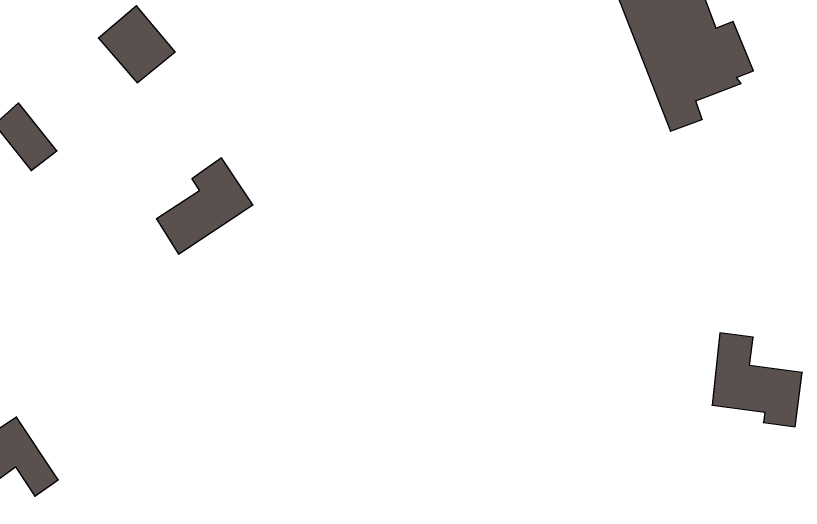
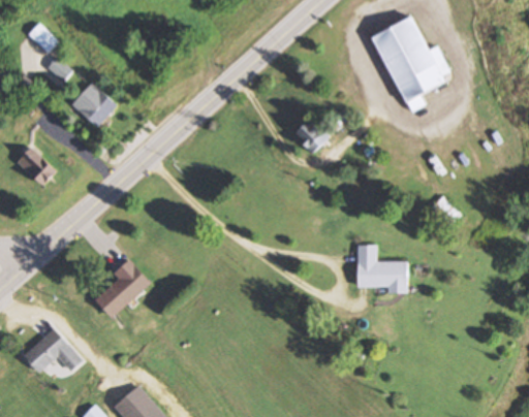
building: none -> [295,120,328,153]
building: [156,158,253,254] -> [96,259,151,318]
building: [712,333,802,427] -> [356,245,407,293]

